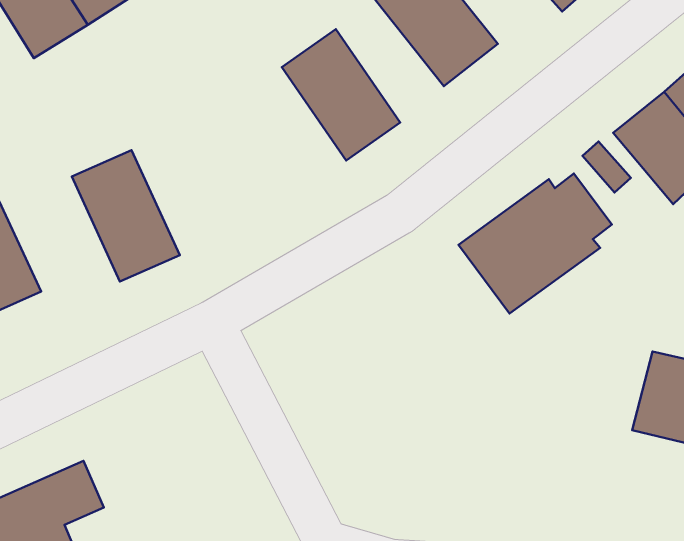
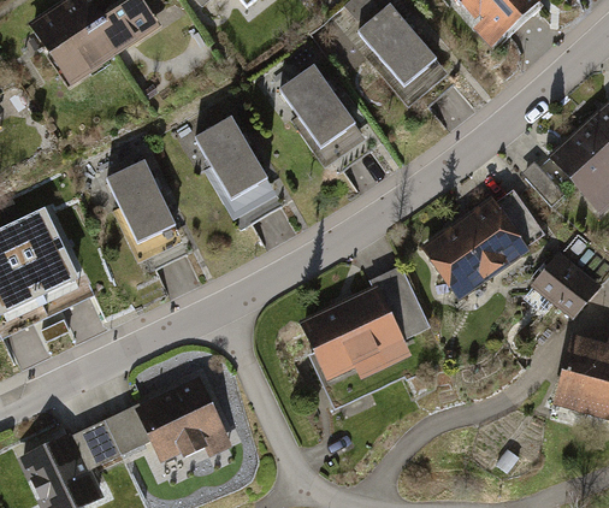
building: none -> [189,117,279,225]
building: none -> [533,244,599,309]
building: none -> [302,254,431,370]
building: none -> [110,377,230,469]

